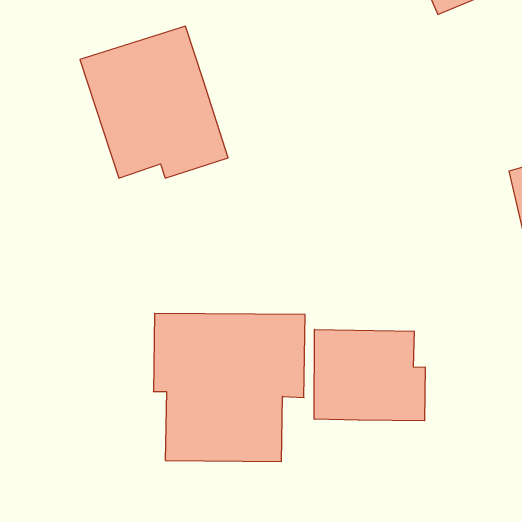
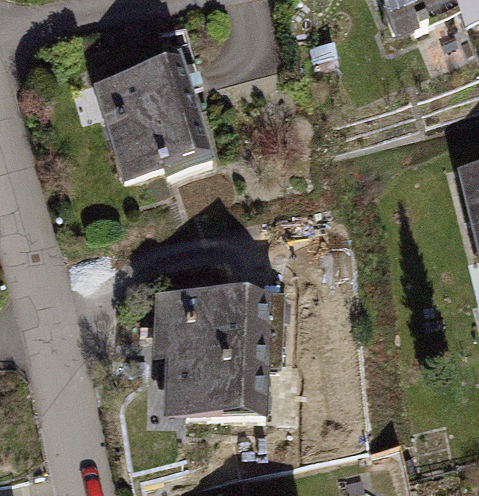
building: [314,329,425,421] -> none

